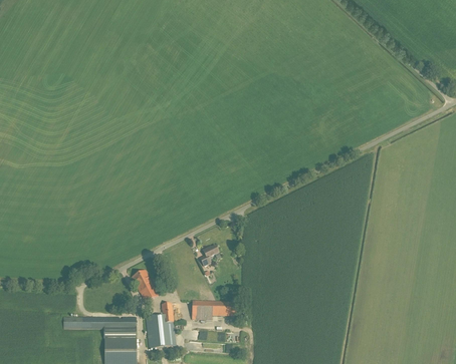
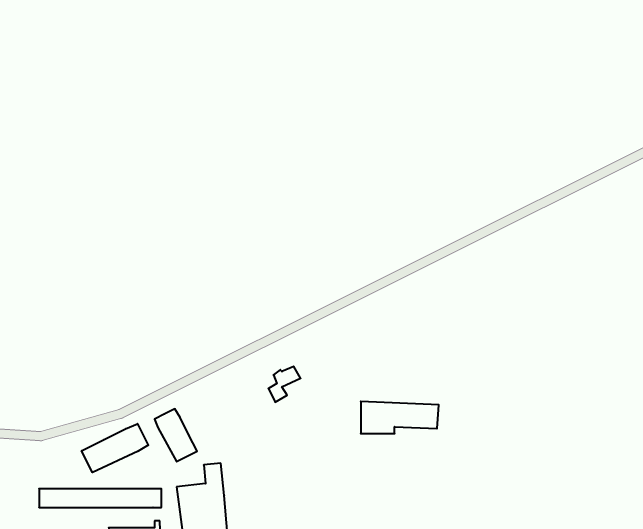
building: none -> [82,424,148,472]
building: [191,301,237,320] -> [361,401,439,434]

